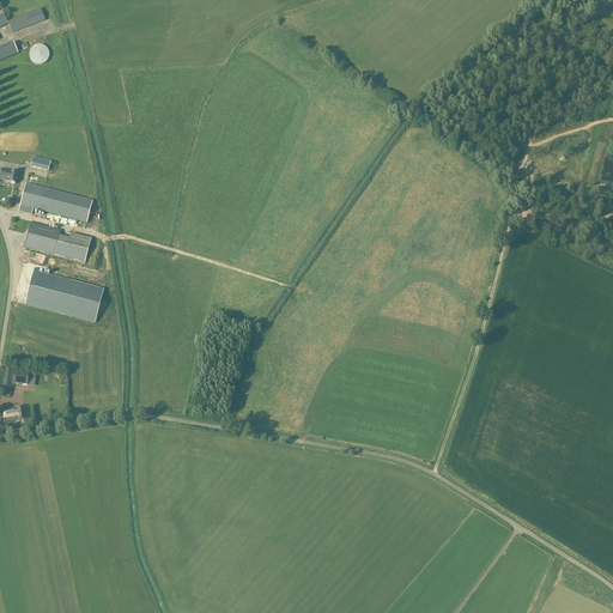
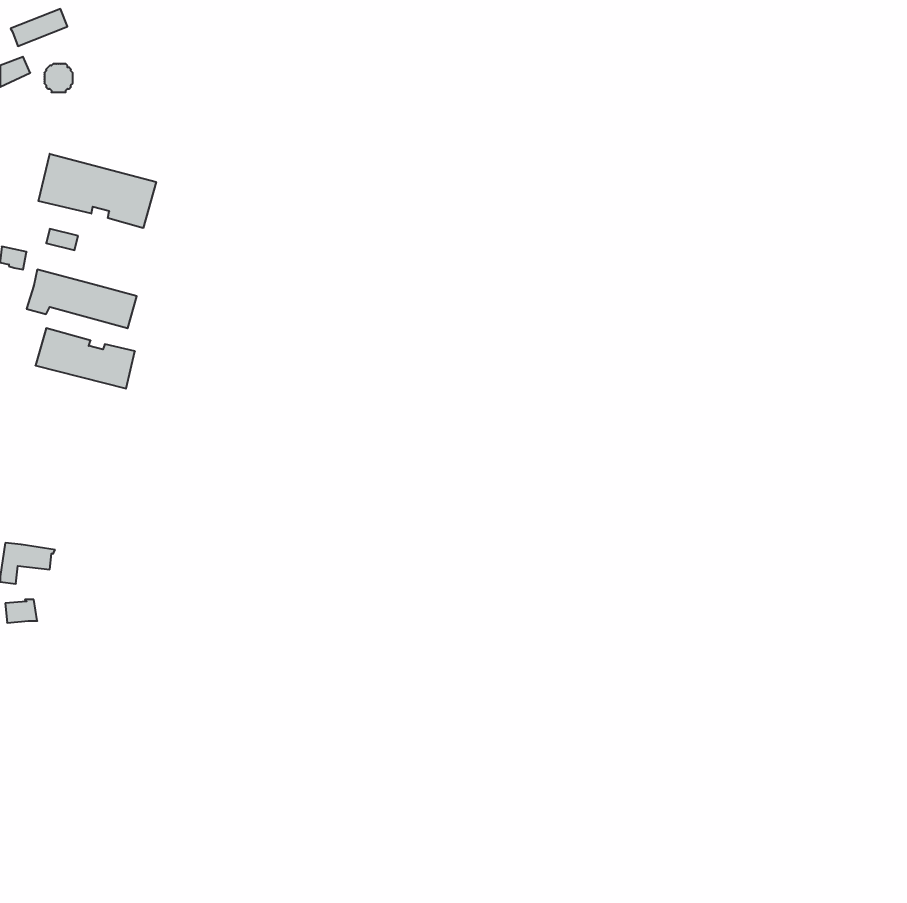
building: none -> [38,154,156,228]
building: [25,266,104,321] -> none

